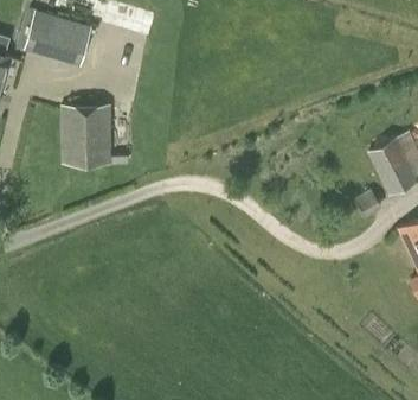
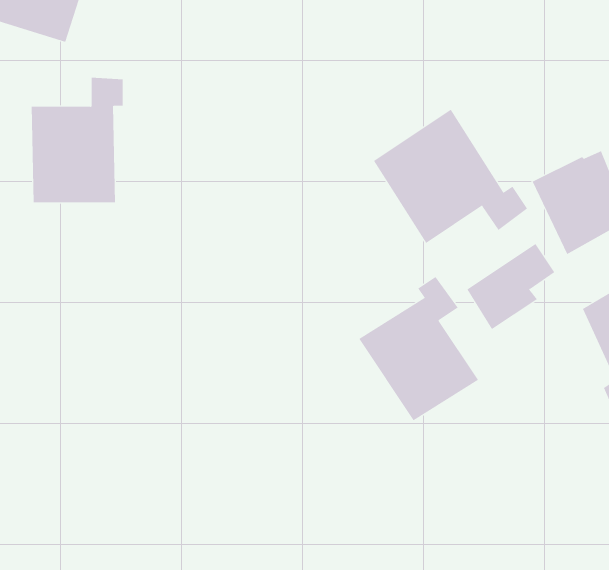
building: none -> [373,109,528,244]
building: none -> [358,276,479,421]

